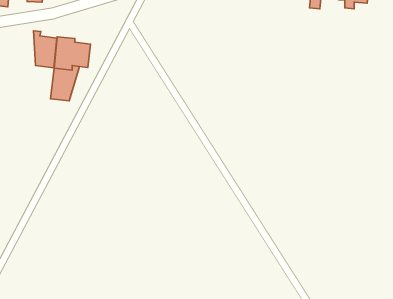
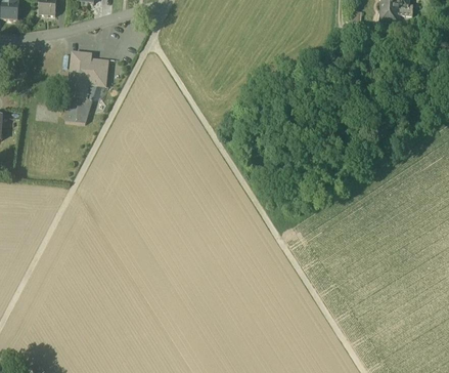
building: [33,31,57,68] -> none

